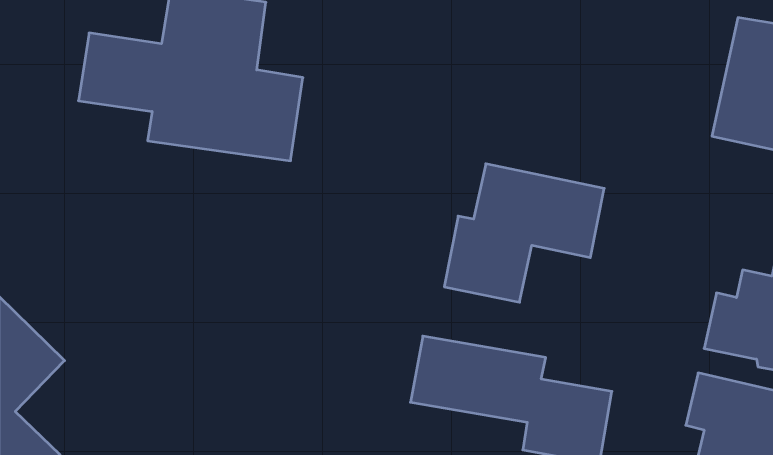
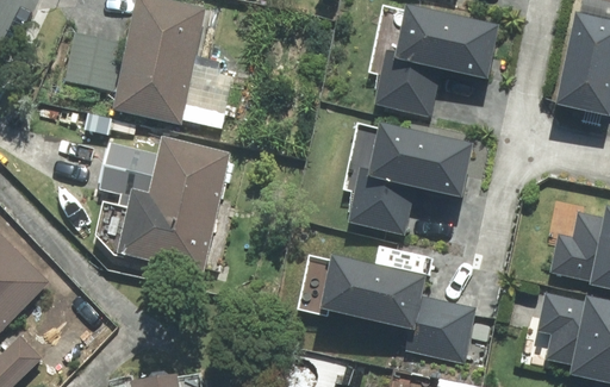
building: none -> [373,10,497,116]
building: none -> [93,135,228,274]

